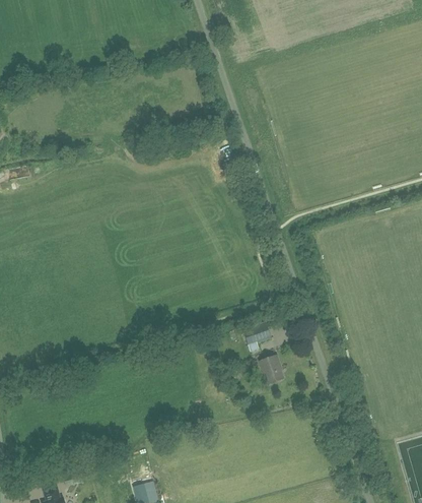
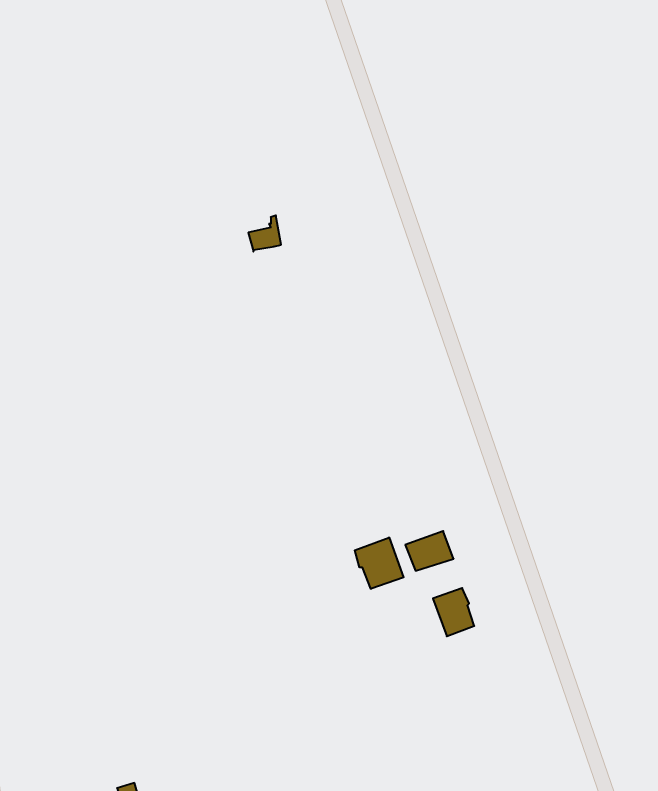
building: none -> [355,537,404,589]

